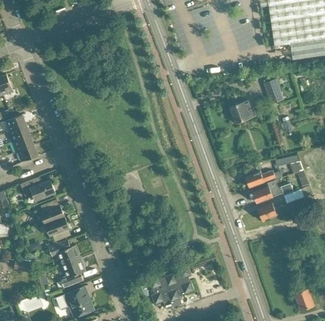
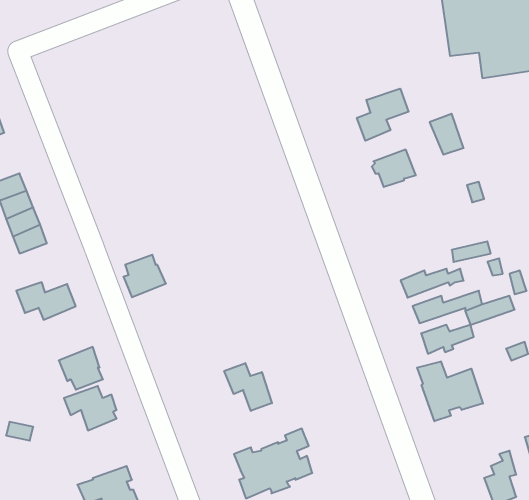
building: none -> [357,89,409,141]
building: [39,200,64,225] -> [123,255,166,297]
building: none -> [417,361,483,421]
building: none -> [224,363,272,411]
building: [59,259,85,288] -> none

